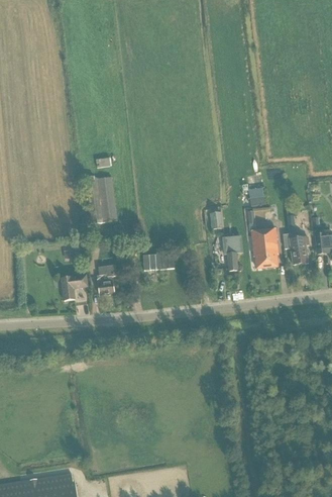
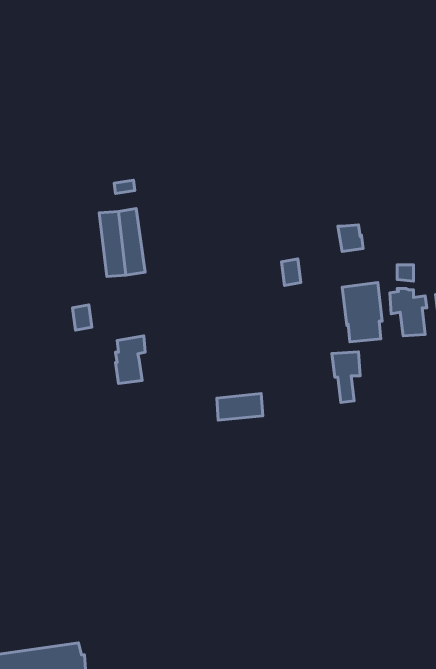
building: [223,236,242,271] -> [332,352,360,402]
building: [142,250,174,268] -> [217,394,263,420]
building: [61,273,88,300] -> none

